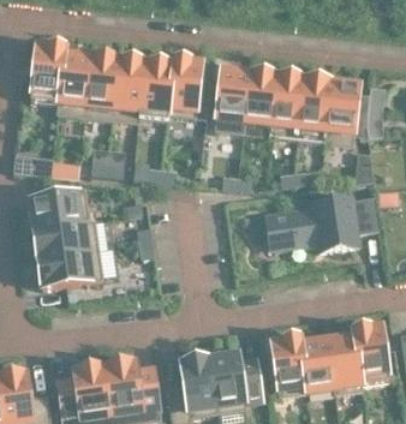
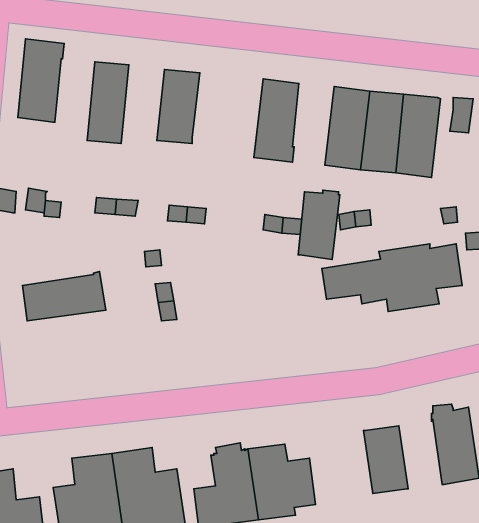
building: [56,52,90,115] -> none
building: [111,56,144,121] -> none
building: [166,56,202,115] -> none
building: [244,70,276,124] -> [298,190,340,260]
building: [28,190,89,228] -> none
building: [37,247,102,286] -> none
building: [270,330,306,395] -> none
building: [327,333,363,393] -> none

